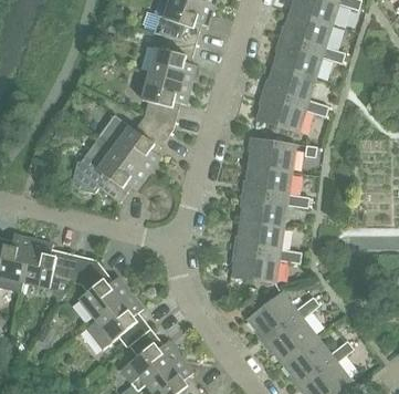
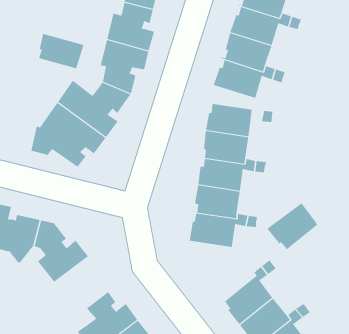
building: none -> [34,33,84,69]
building: [244,290,296,341] -> [267,202,318,253]
building: [93,292,148,346] -> none

